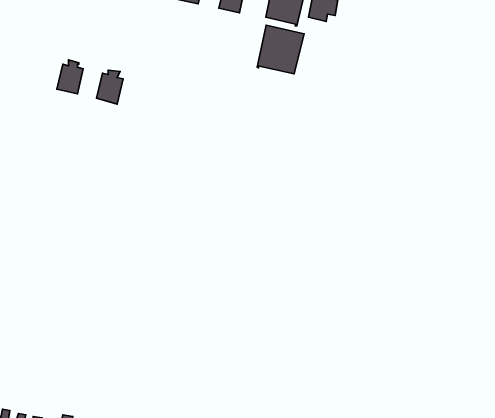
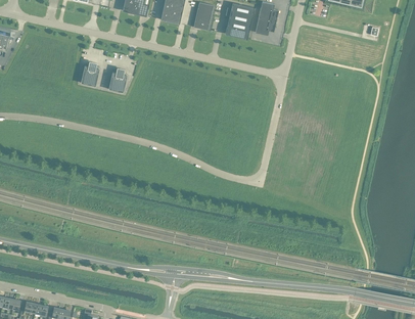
building: [257,25,304,74] -> none

